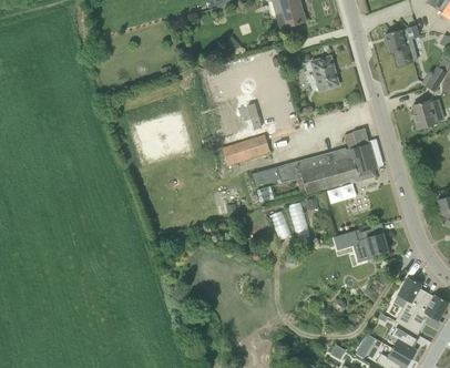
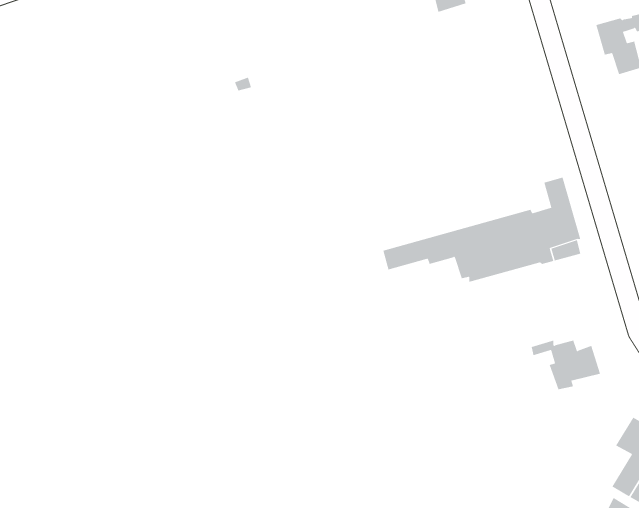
building: [311,57,339,91] -> none
building: [222,135,269,165] -> none

